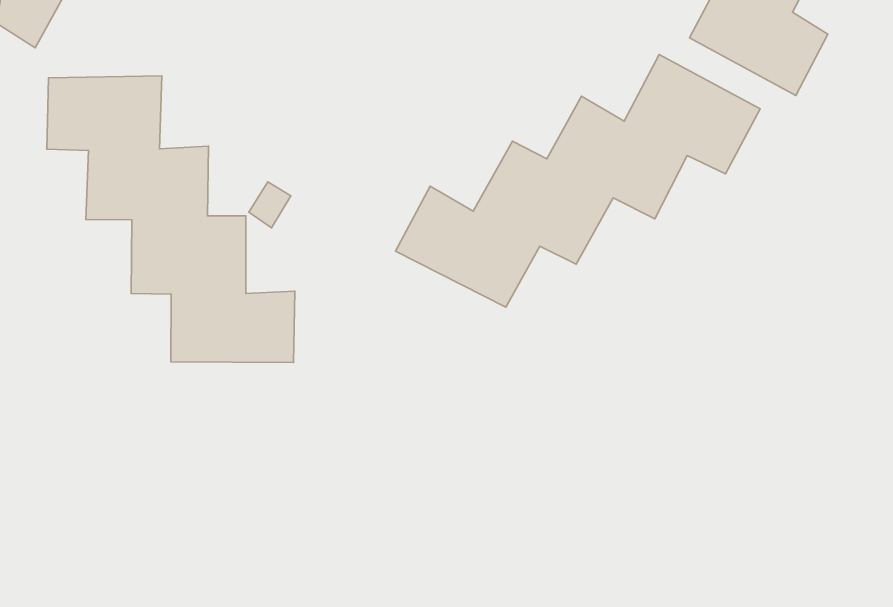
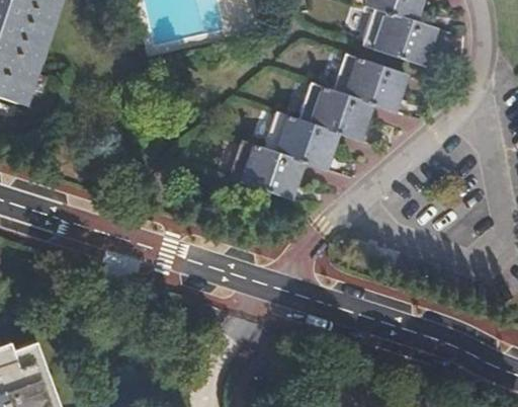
building: [47,76,295,362] -> none

